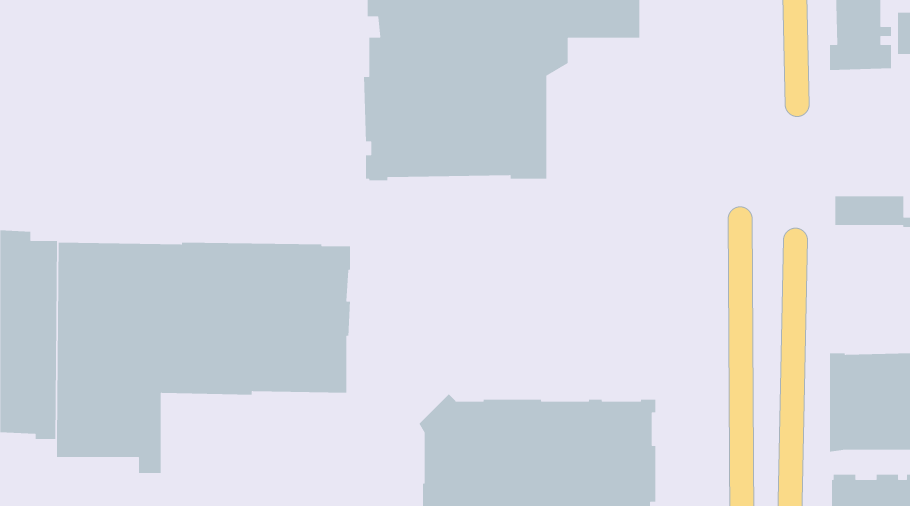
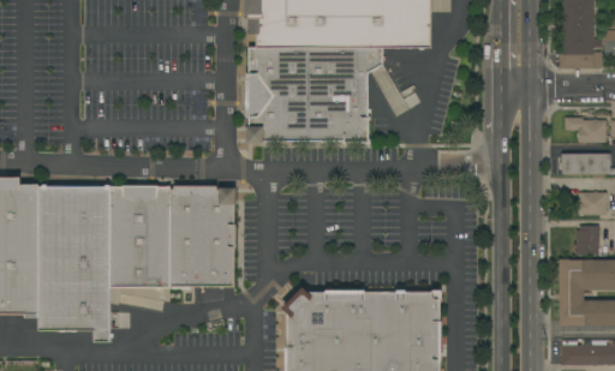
building: none -> [563,118,605,143]
building: none -> [578,192,607,215]
building: none -> [575,226,598,256]

